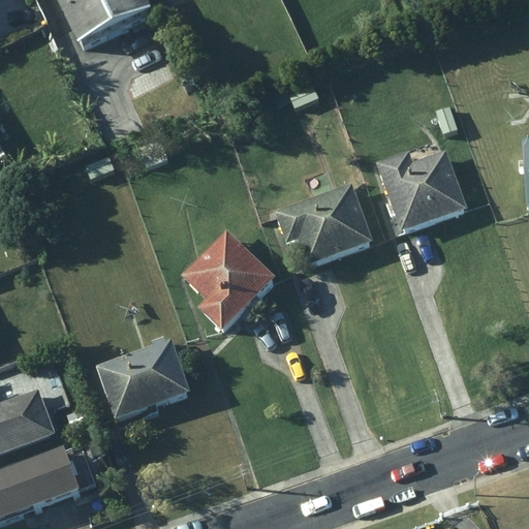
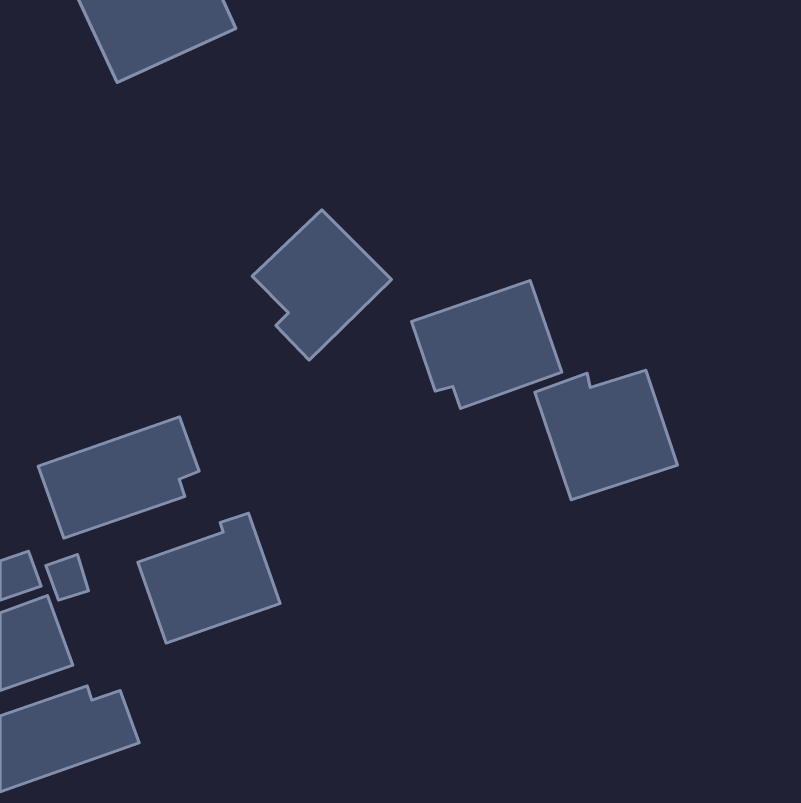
building: [376,149,469,234] -> [535,370,677,500]
building: [181,231,272,330] -> [252,210,391,360]
building: none -> [38,417,199,538]

